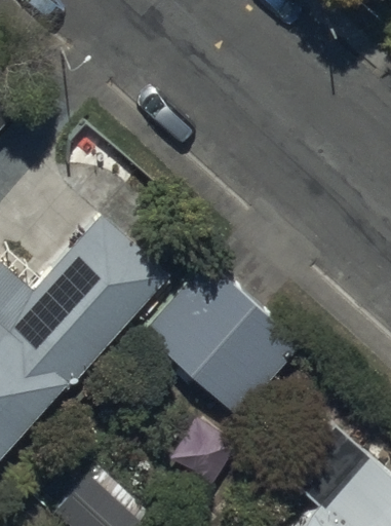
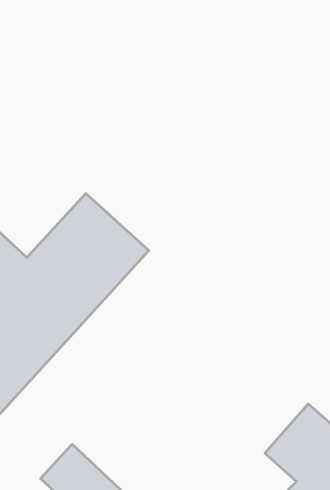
building: [141,269,301,426] -> none

